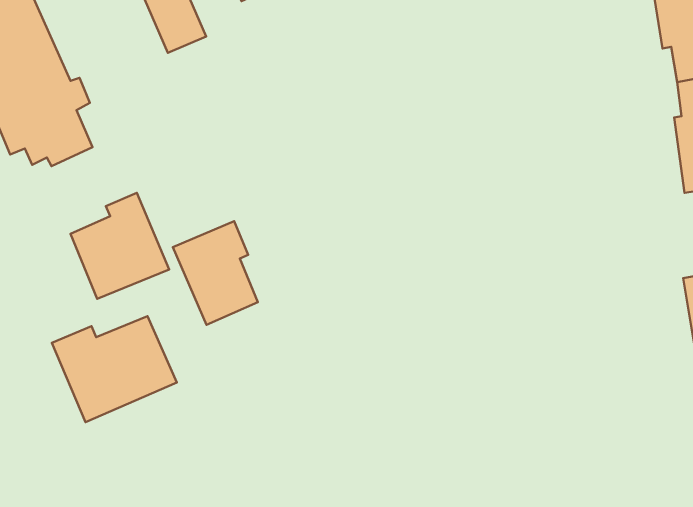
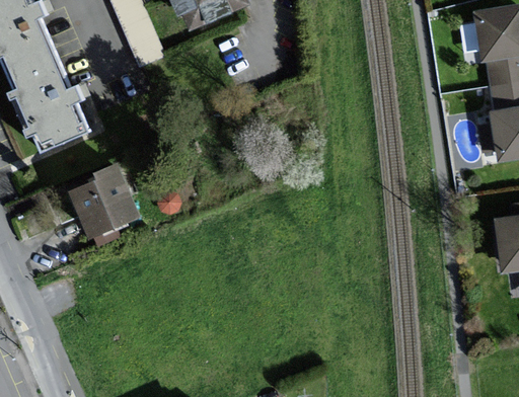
building: [173,221,258,325] -> none
building: [52,316,177,422] -> none

